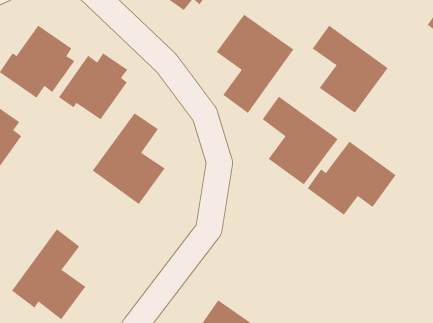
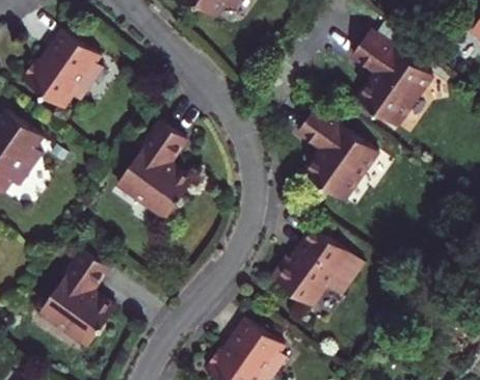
building: [216,14,294,114] -> none
building: [58,52,128,120] -> none
building: [307,141,396,216] -> [271,227,366,306]

